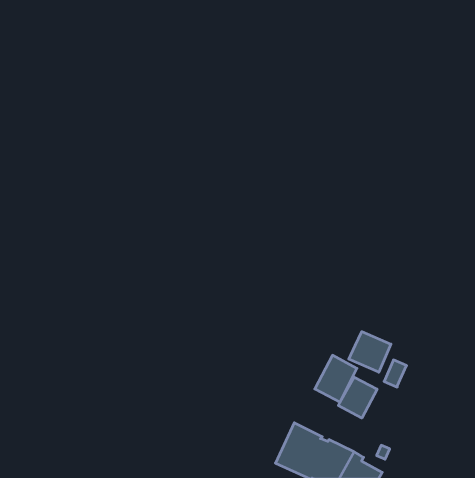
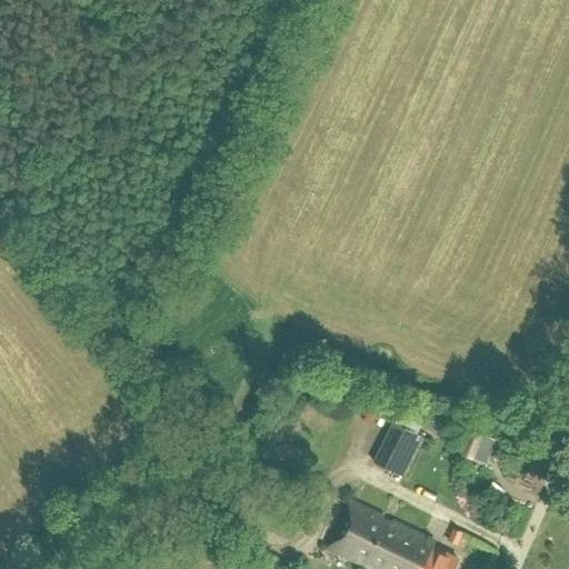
building: [349,332,391,372] -> none
building: [338,377,377,418] -> none

